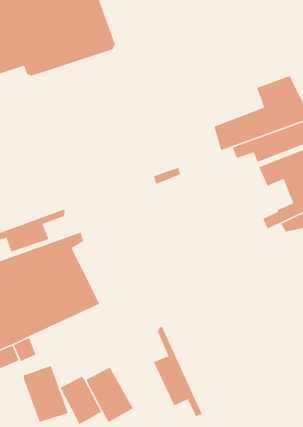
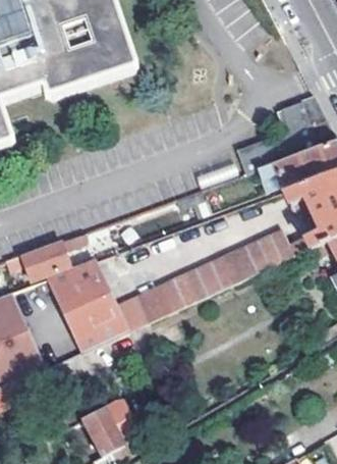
building: none -> [110,228,293,331]
building: [153,325,203,417] -> none
building: [23,365,69,423] -> none

